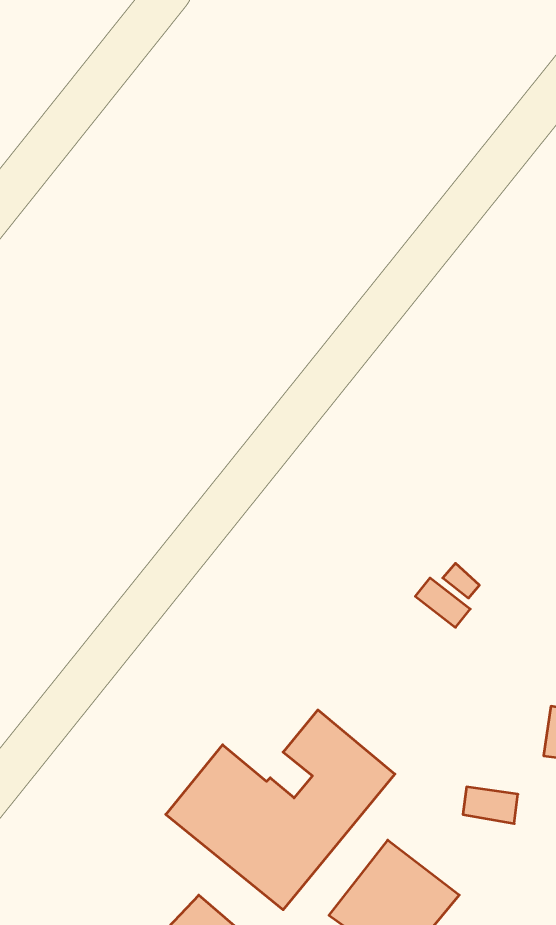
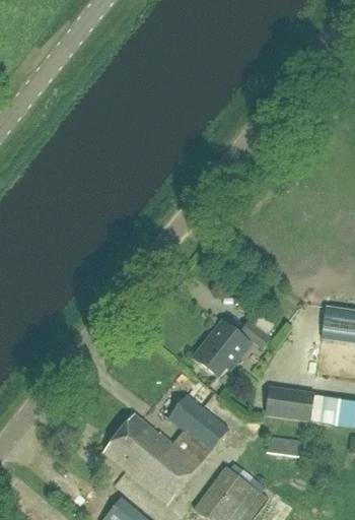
building: none -> [196,322,251,376]
building: none -> [265,385,313,420]

